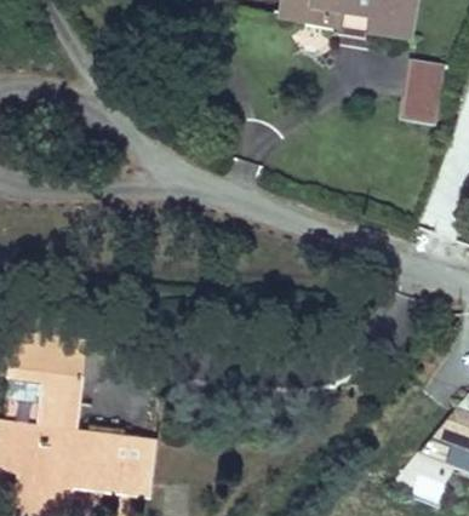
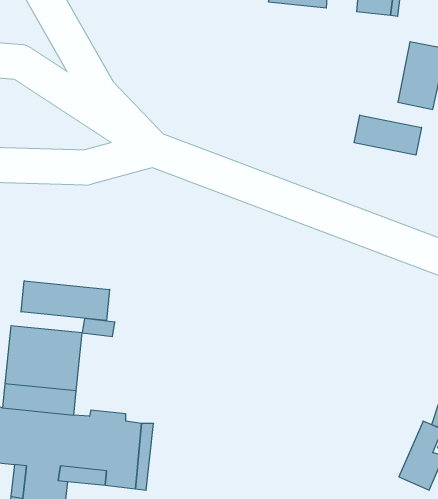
building: none -> [354,115,421,155]
building: none -> [21,281,110,321]

